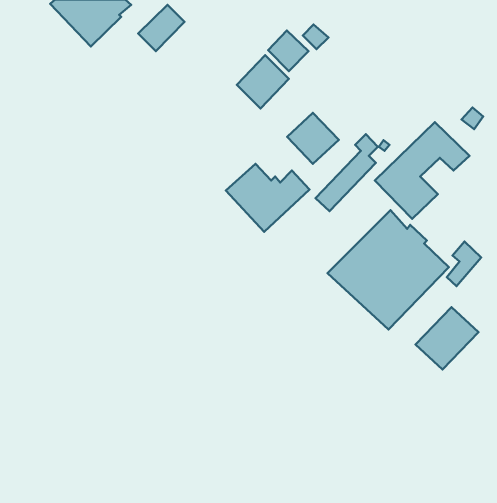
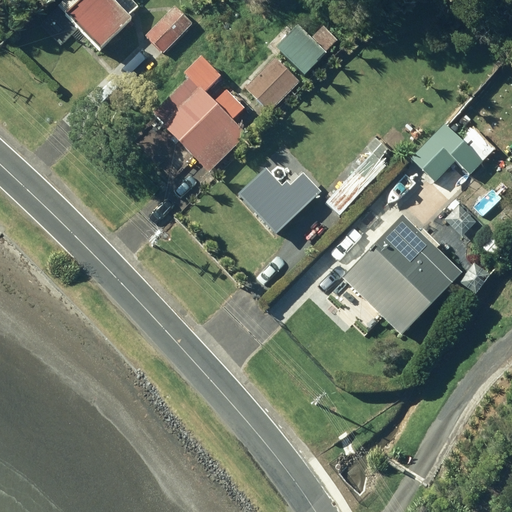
building: none -> [151,54,248,172]
building: [287,113,339,164] -> none
building: [416,307,478,369] -> none

